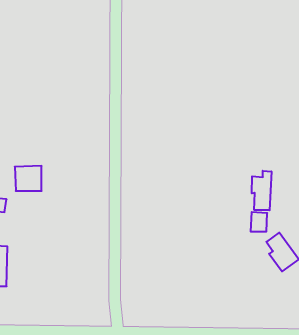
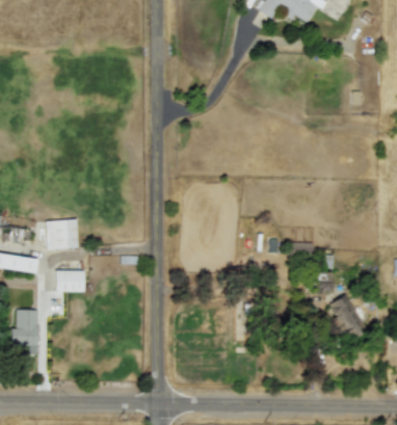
building: [252,171,271,210] -> none
building: none -> [57,270,85,293]

